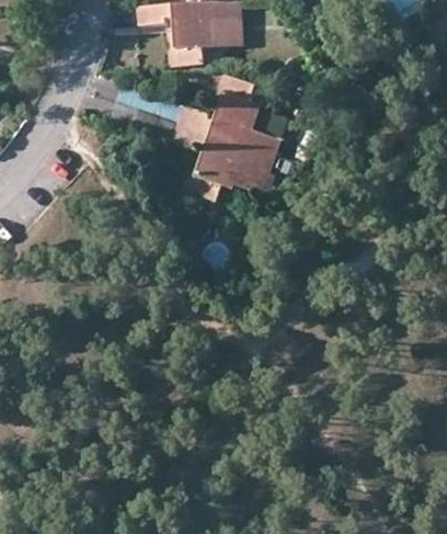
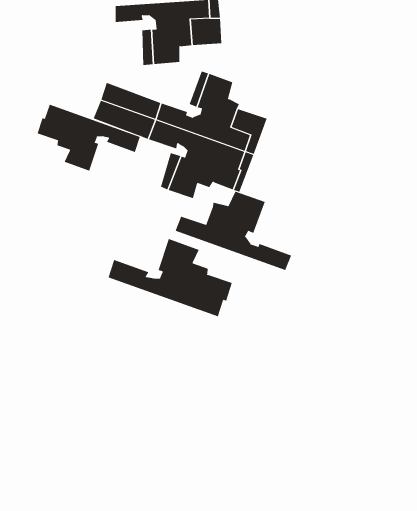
building: none -> [37,104,140,172]
building: none -> [175,191,292,271]
building: none -> [108,238,233,317]

